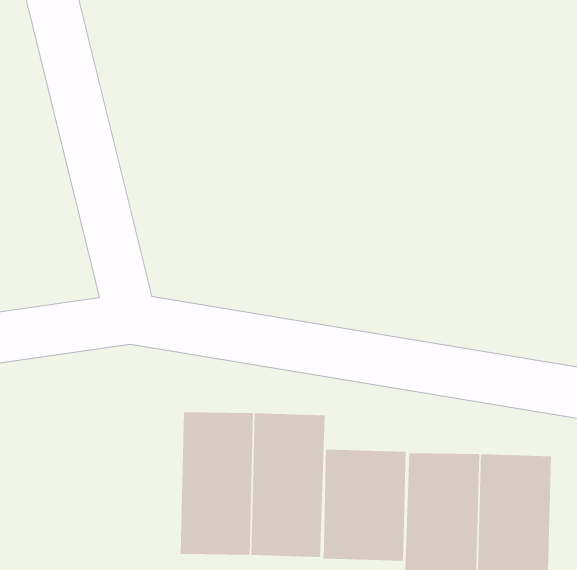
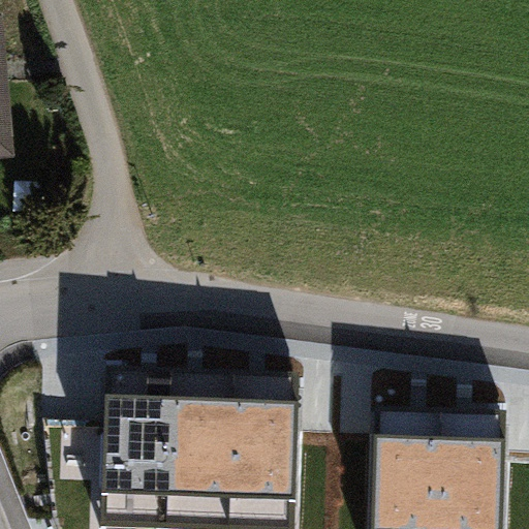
building: none -> [98,382,166,514]
building: [323,449,406,562] -> none

